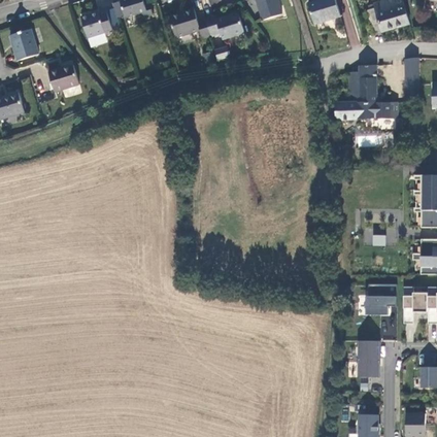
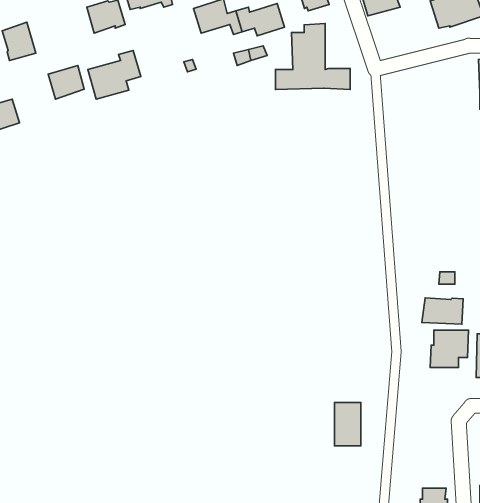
building: none -> [88,50,141,99]
building: [335,64,397,119] -> [275,24,350,90]
building: none -> [422,298,463,324]
building: [358,340,379,376] -> [335,402,361,446]

